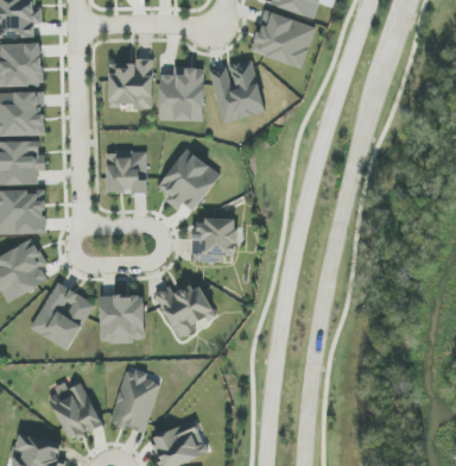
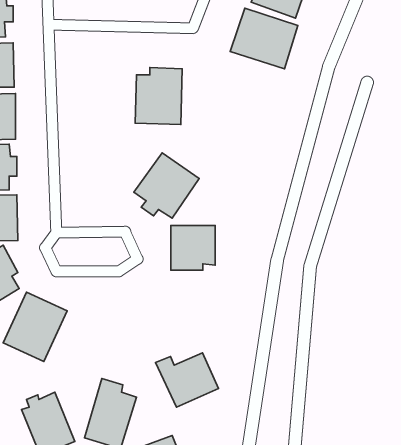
building: [108,58,153,109] -> none
building: [211,59,265,122] -> none
building: [107,151,147,194] -> none
building: [156,283,216,335] -> [156,353,218,407]
building: [100,295,145,344] -> none

